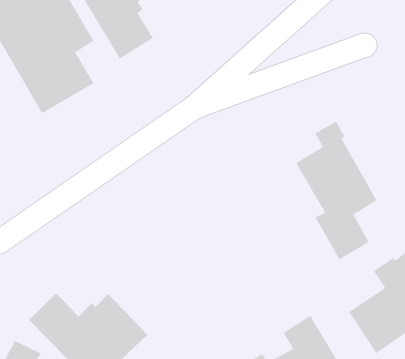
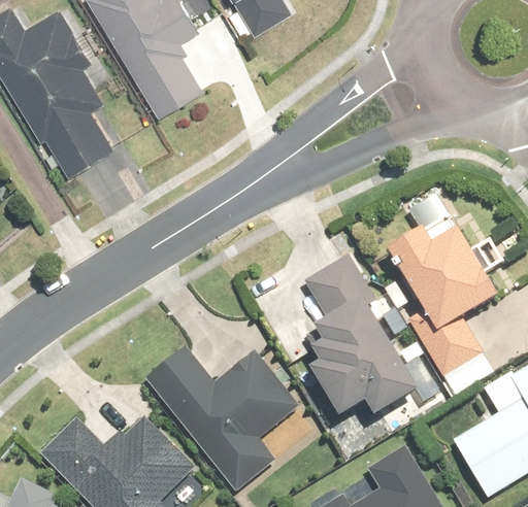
building: none -> [305,257,415,417]
building: none -> [145,346,300,488]

